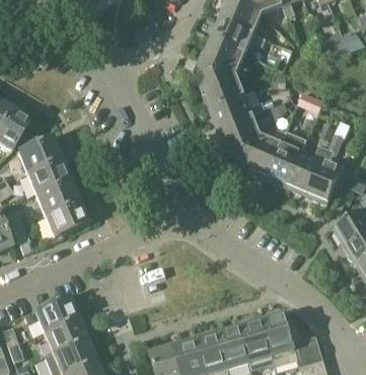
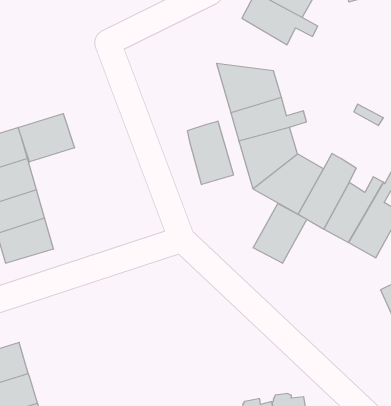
building: [195,38,245,74] -> none
building: none -> [188,121,233,185]
building: none -> [18,114,74,162]
building: none -> [253,204,307,263]

